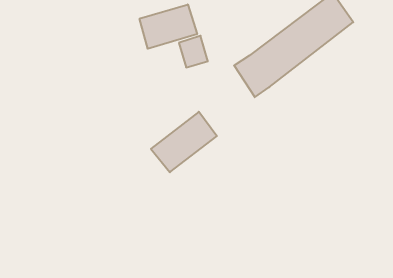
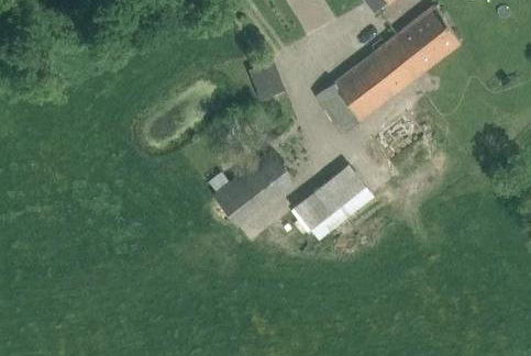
building: [140,4,197,49] -> none
building: none -> [290,163,374,241]

